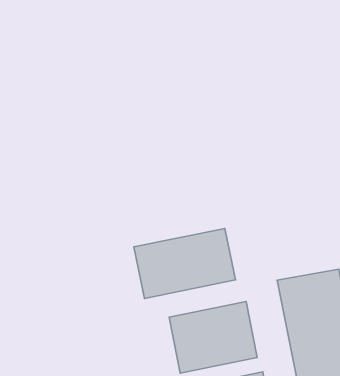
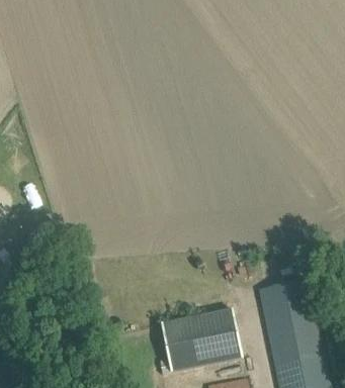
building: [134,228,236,298] -> none

